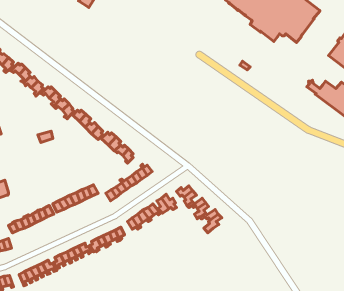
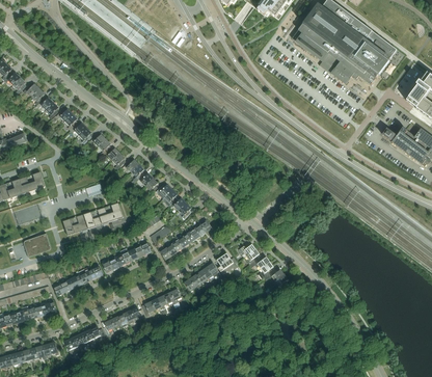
building: none -> [63,201,124,234]

